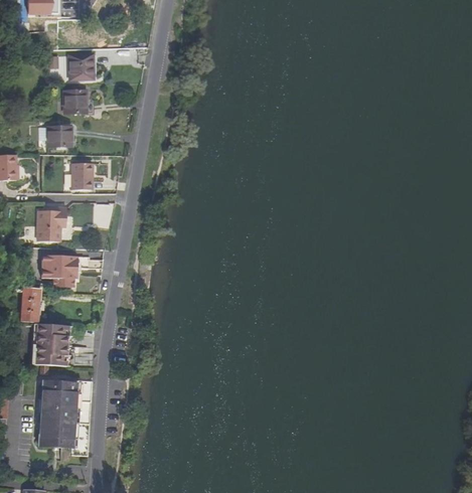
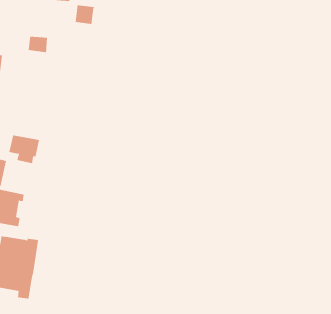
building: [63,91,86,113] -> [75,5,94,24]
building: [72,164,94,190] -> none
building: [38,206,67,240] -> none

